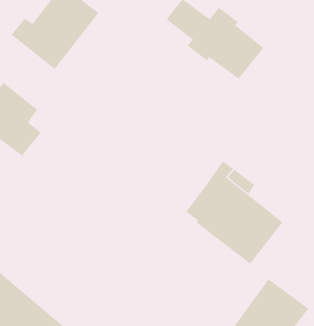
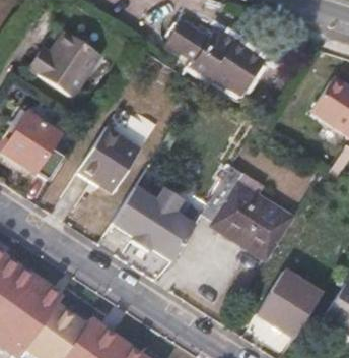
building: none -> [82,124,142,188]
building: none -> [111,185,196,261]

